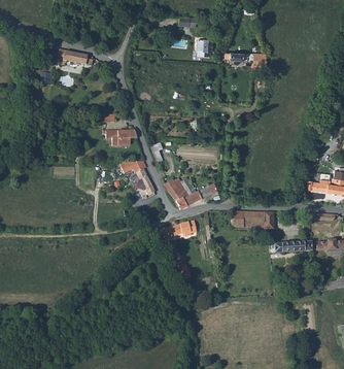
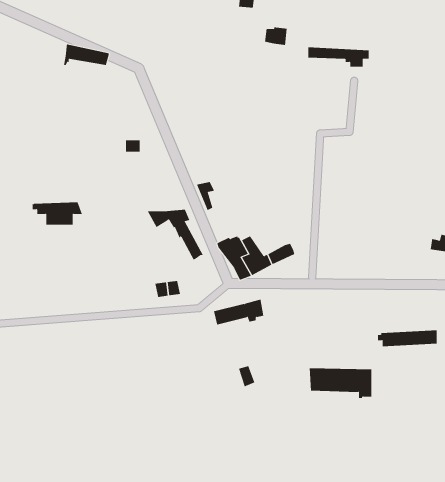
building: [102,130,136,145] -> [32,202,83,225]
building: [231,211,273,232] -> [309,368,372,399]

